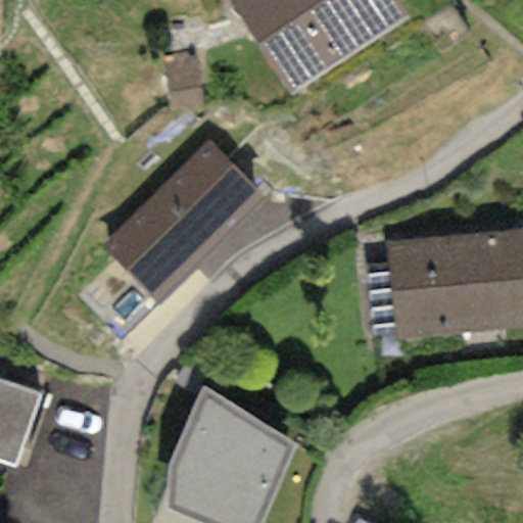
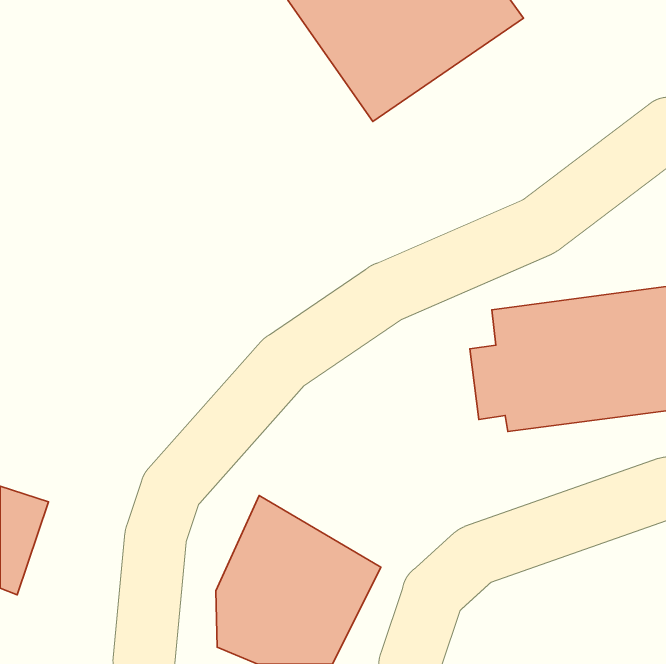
building: [100,139,264,301] -> none

